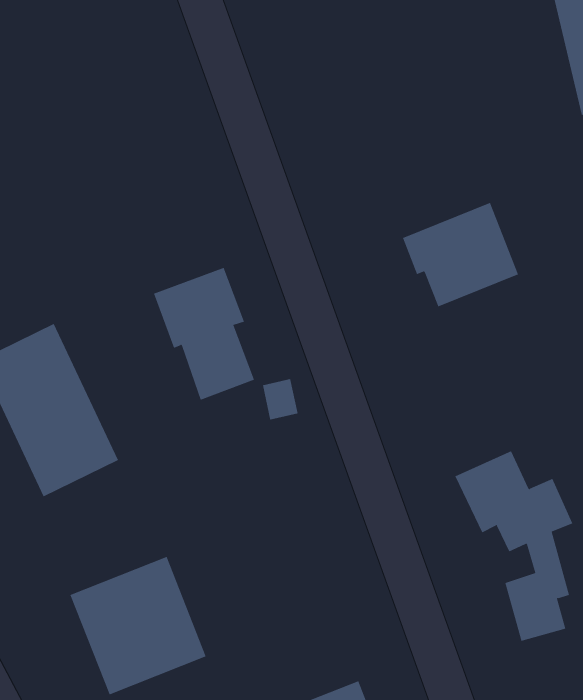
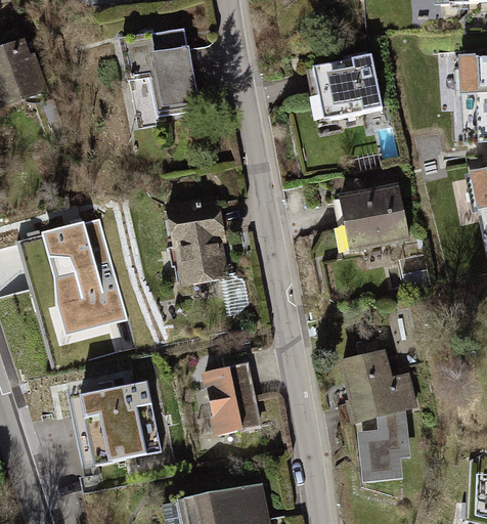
building: none -> [308,56,381,119]
building: none -> [121,29,204,114]
building: none -> [205,364,258,433]

